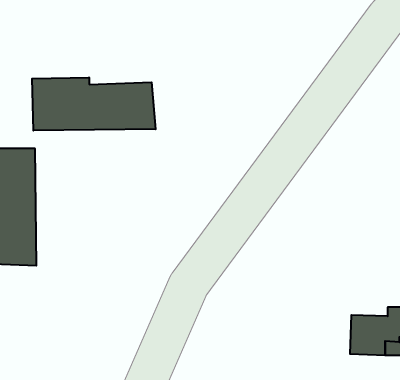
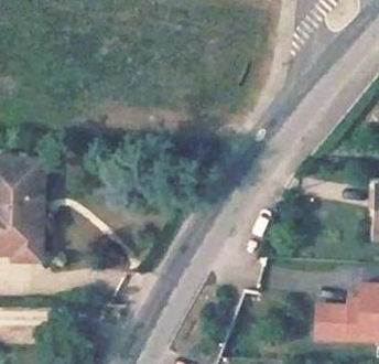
building: [32,77,156,131] -> none

